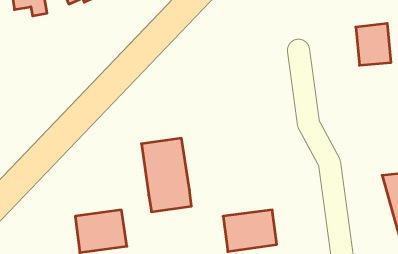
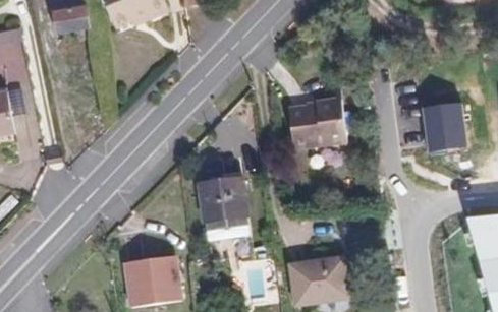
building: [356,23,391,65] -> [424,103,463,149]
building: none -> [288,97,346,148]

